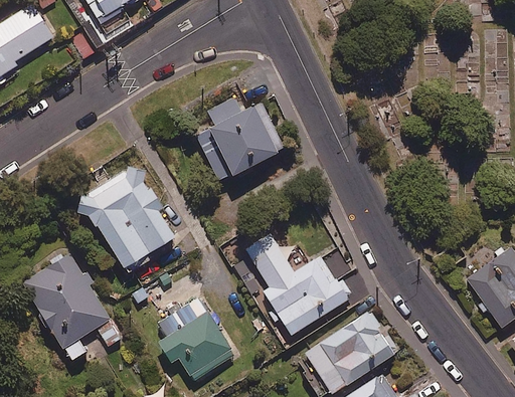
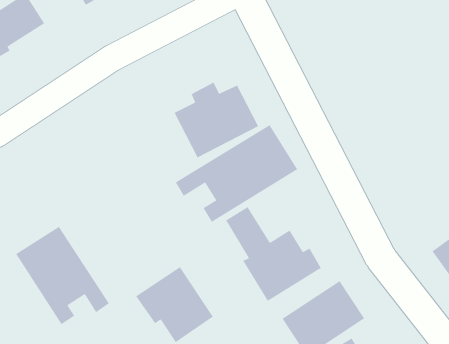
building: none -> [175,124,298,223]
building: [71,165,178,273] -> none

